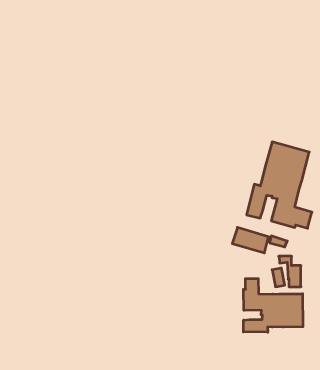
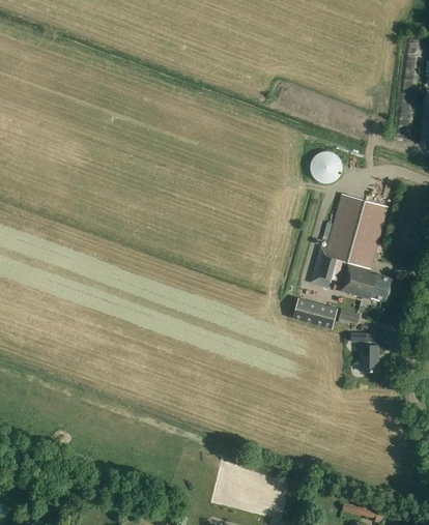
building: none -> [310,150,343,182]
building: [243,279,303,332] -> none

